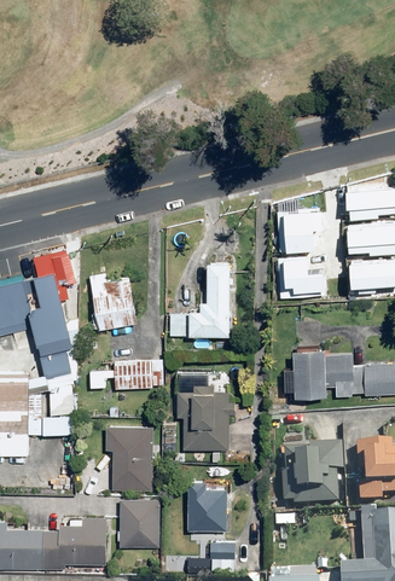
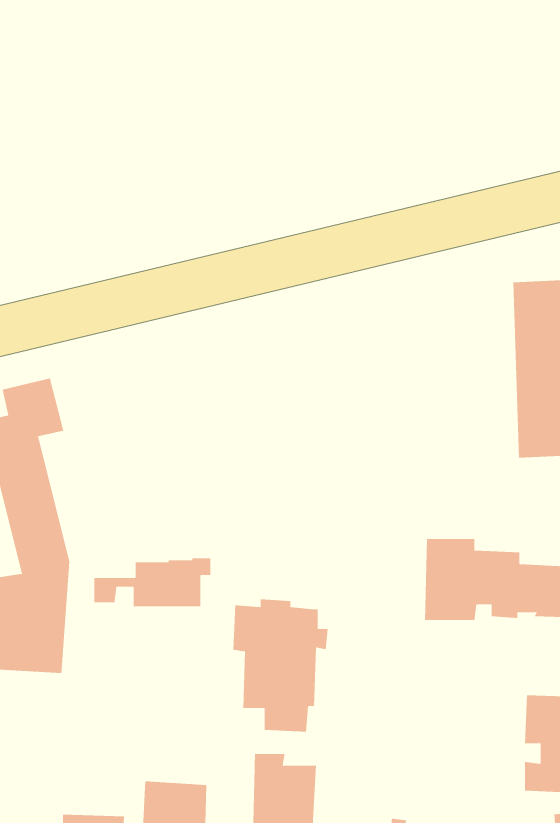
building: [286,209,323,297] -> none
building: [165,261,230,336] -> none
building: [88,273,135,330] -> none
building: [103,424,151,490] -> none
building: [280,443,341,505] -> none

